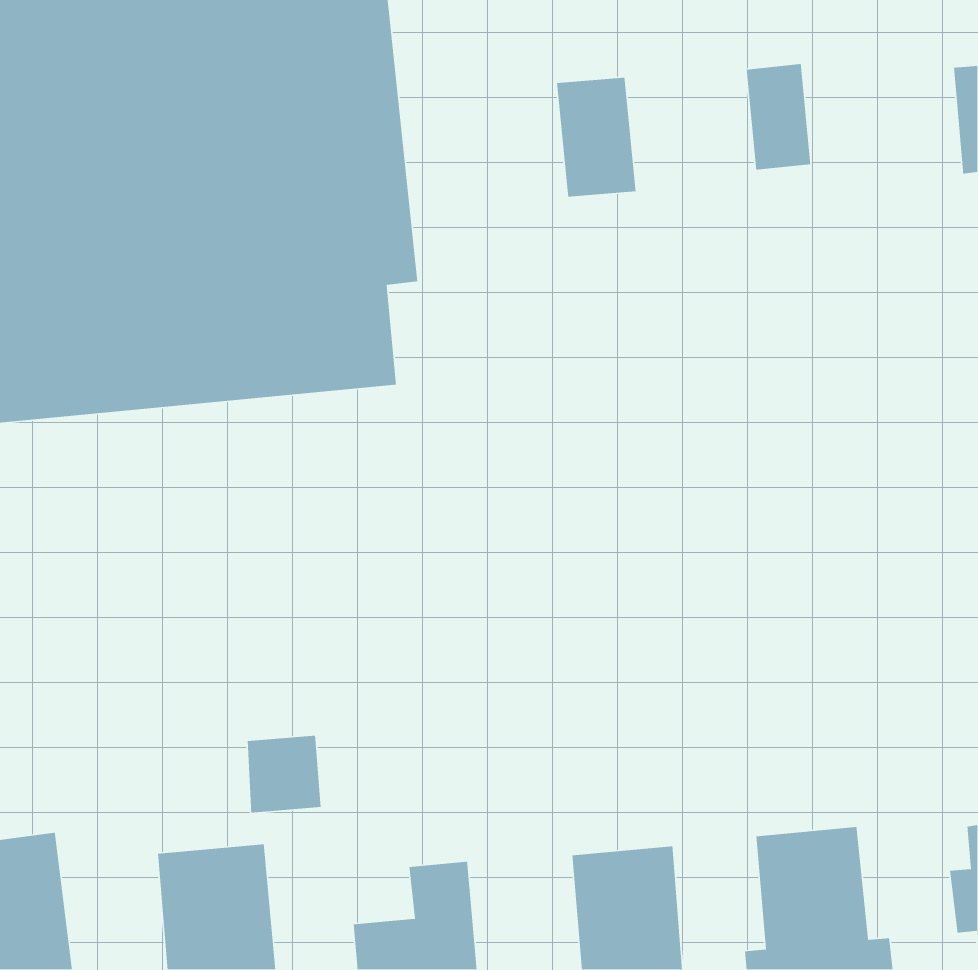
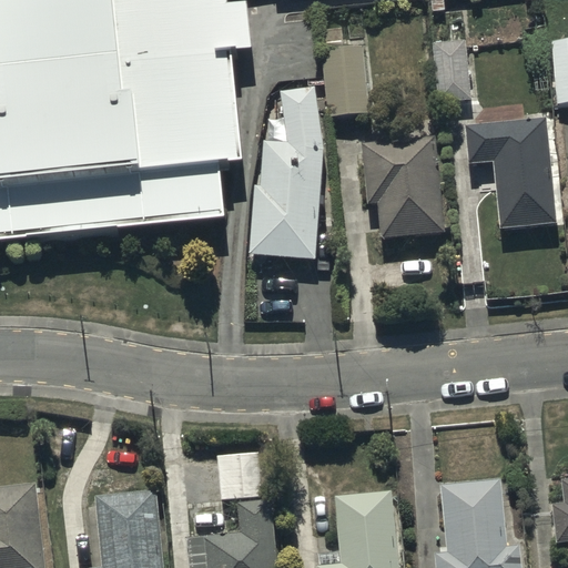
building: none -> [248,84,324,257]
building: none -> [465,115,557,229]
building: none -> [362,136,444,237]
building: [247,735,322,813] -> [219,452,262,497]

